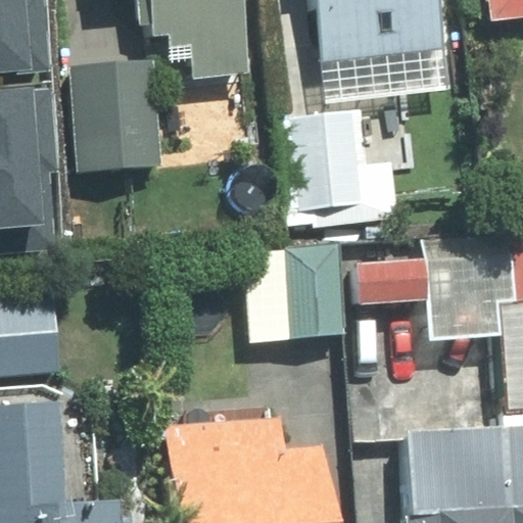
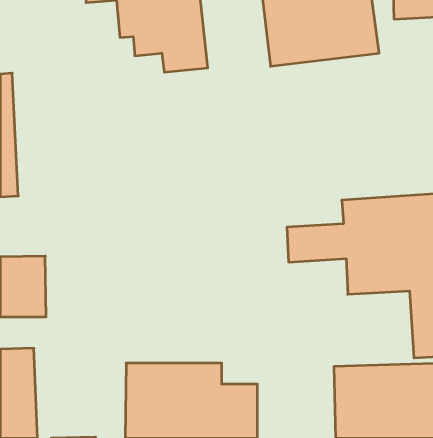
building: [81,62,152,172] -> none
building: [272,109,395,227] -> none
building: [241,239,345,345] -> none

